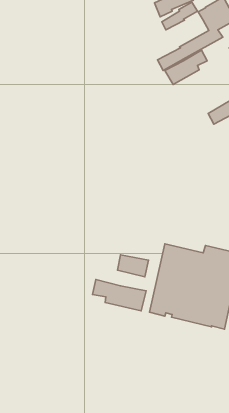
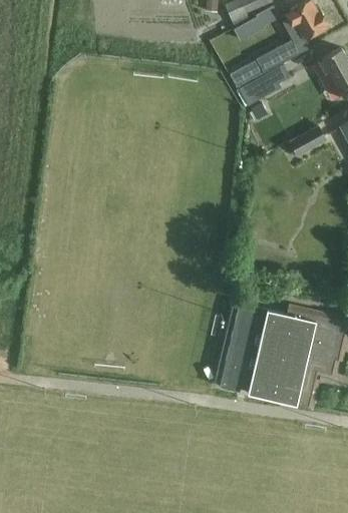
building: [118,255,149,277] -> none
building: [93,280,146,311] -> none

